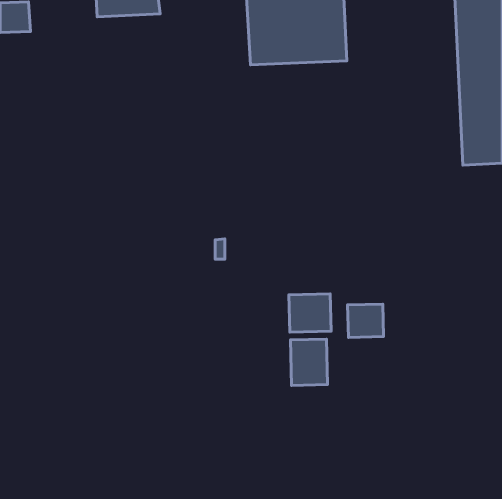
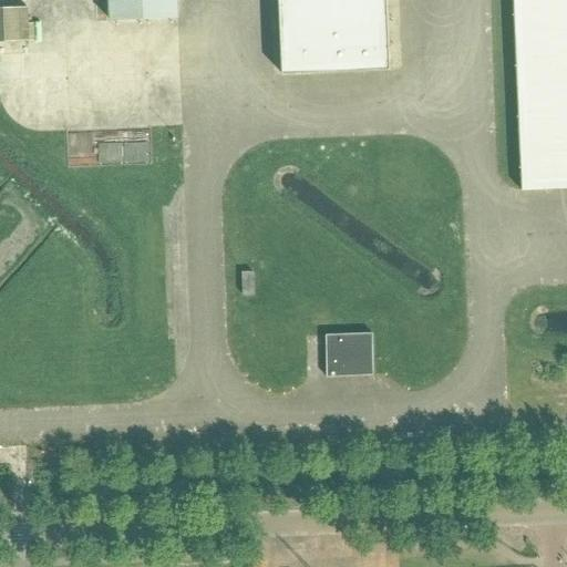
building: [348,304,383,337] -> none
building: [290,339,328,385] -> none

